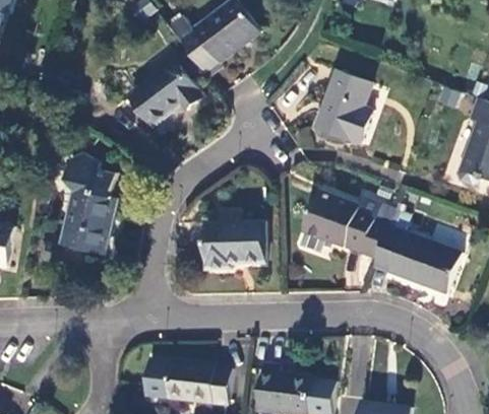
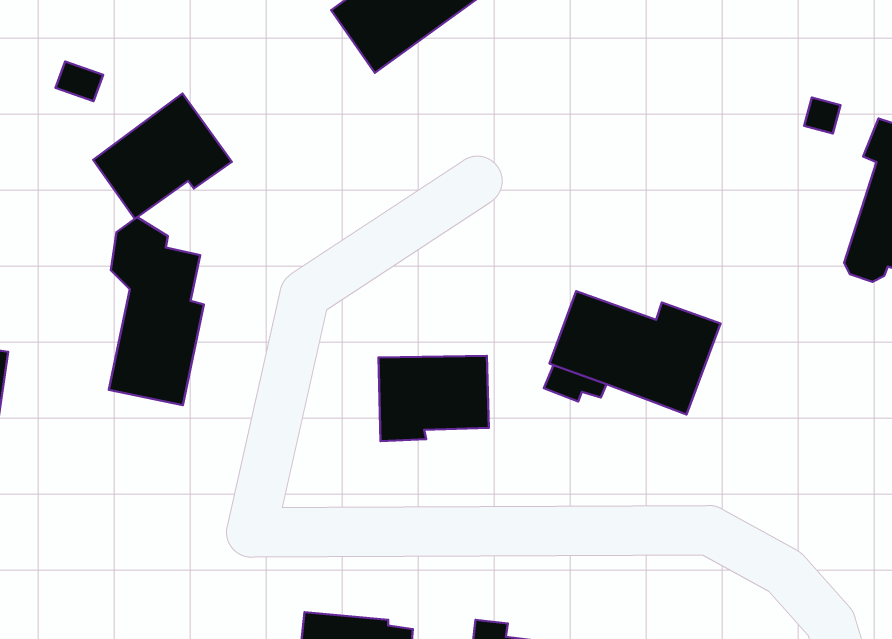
building: [130,58,204,125] -> [93,93,232,219]
building: [317,74,374,148] -> none
building: [369,208,455,290] -> none

